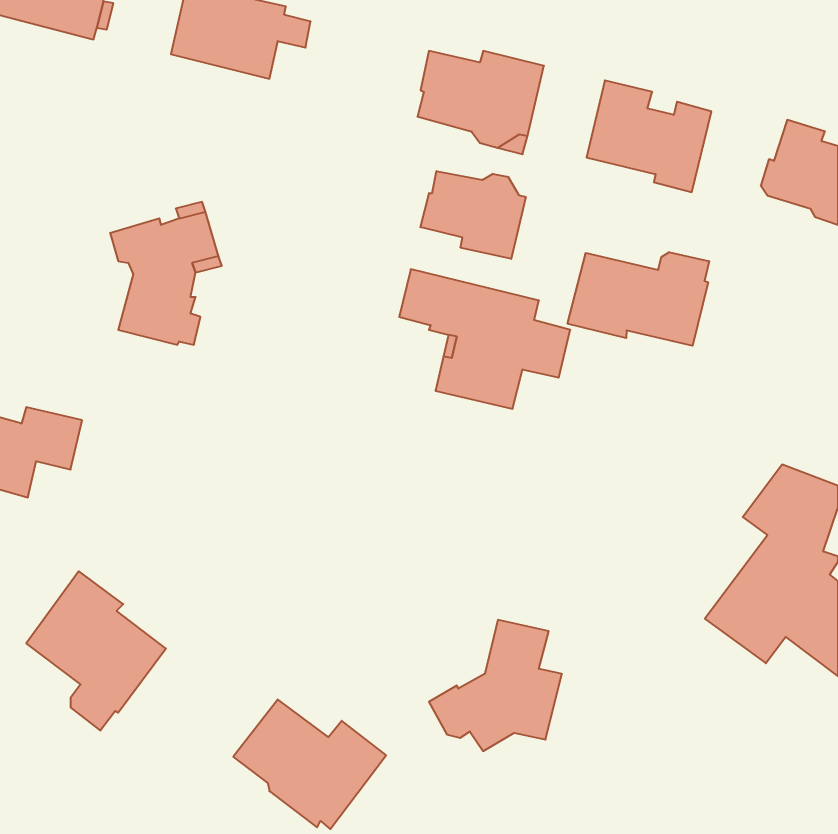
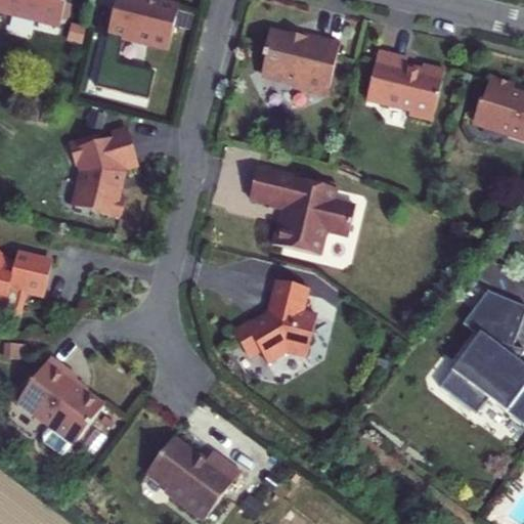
building: [420,171,526,259] -> none
building: [568,252,709,346] -> none
building: [429,620,562,751] -> [233,280,316,362]

